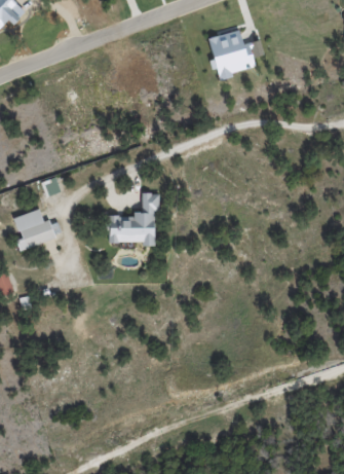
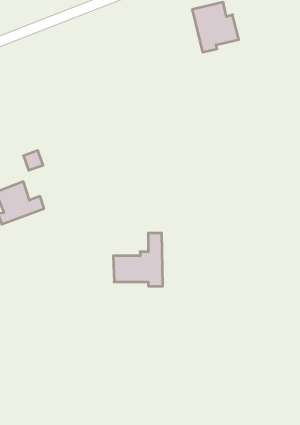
building: [107,193,156,246] -> [113,233,163,286]

